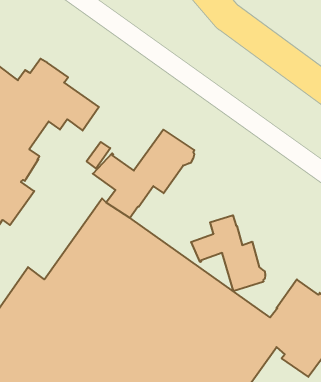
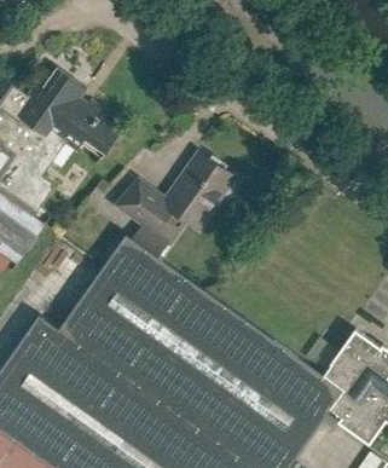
building: [191,215,265,291] -> none

